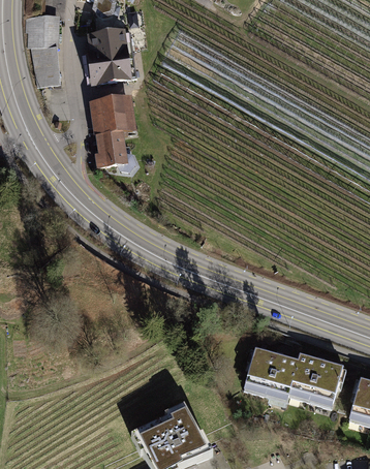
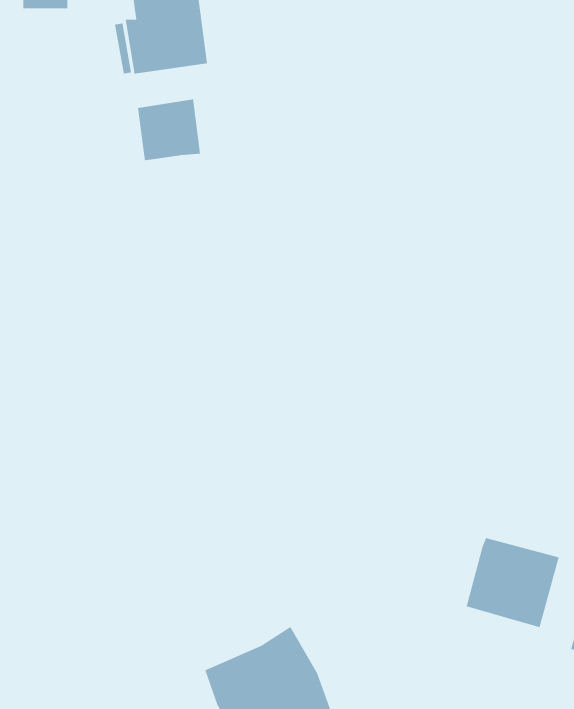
building: [32,45,61,86] -> none
building: [98,131,134,170] -> none
building: [242,347,298,402] -> none

